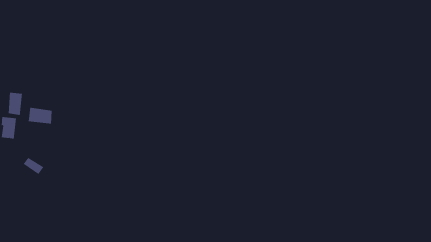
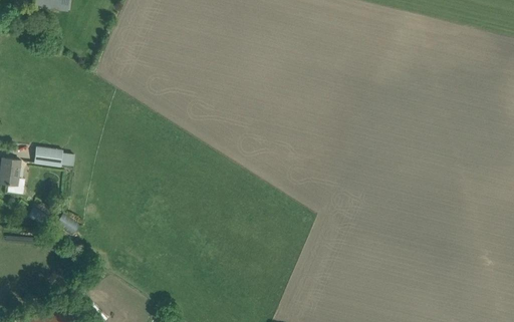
building: [8,92,23,116] -> none

